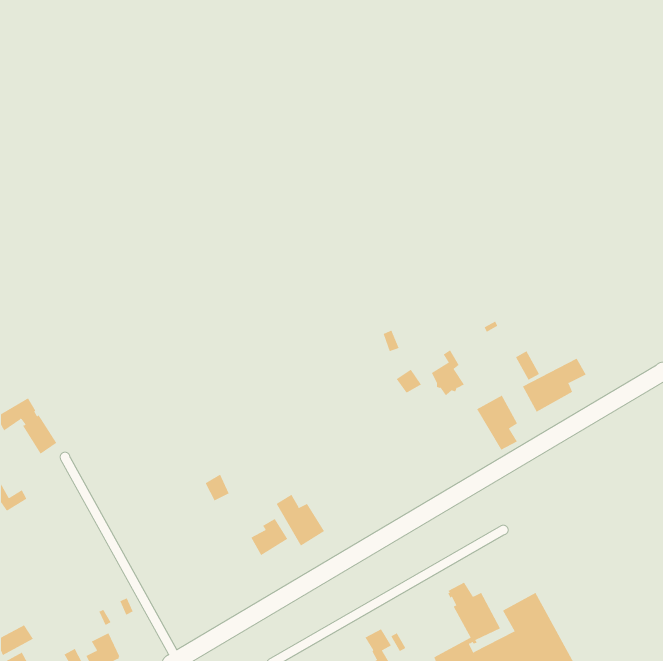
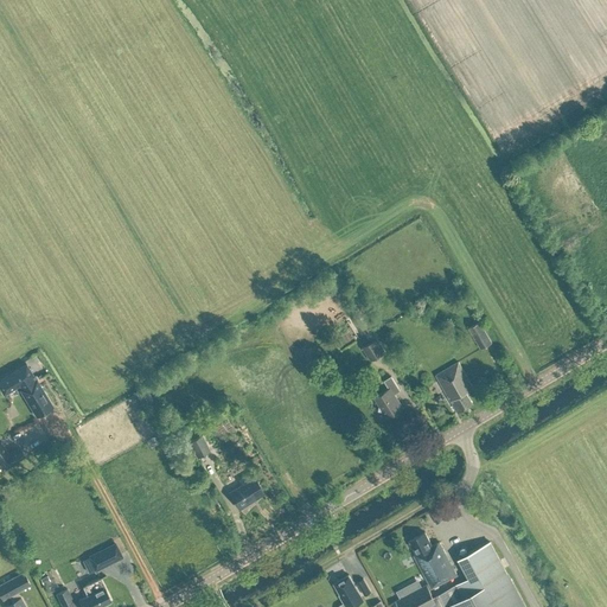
building: [431,349,465,396] -> [373,377,404,420]
building: [522,358,586,412] -> none
building: [276,494,325,547] -> none

